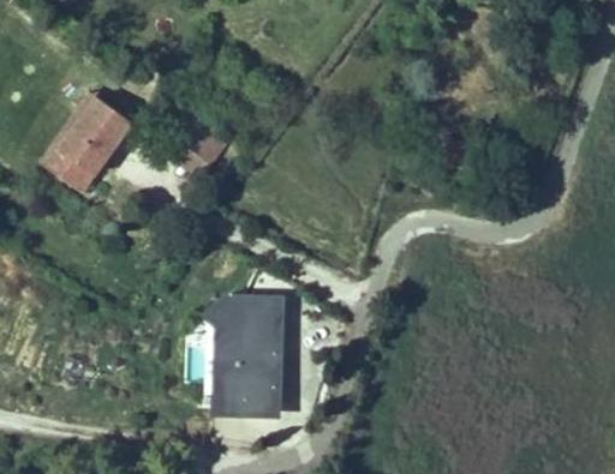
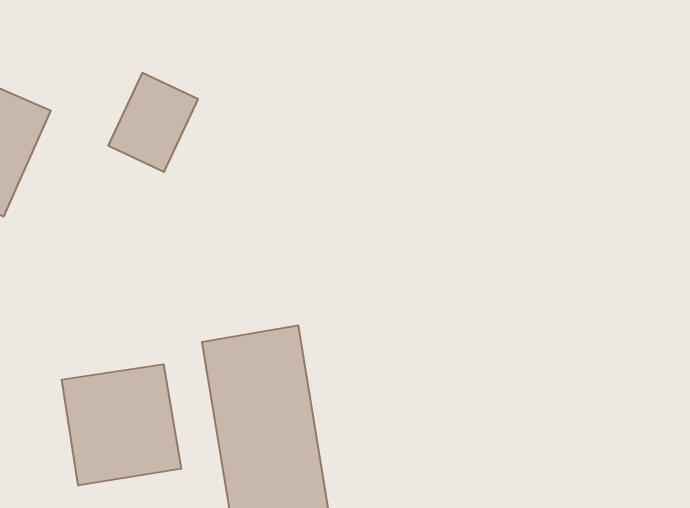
building: none -> [62,364,181,486]

